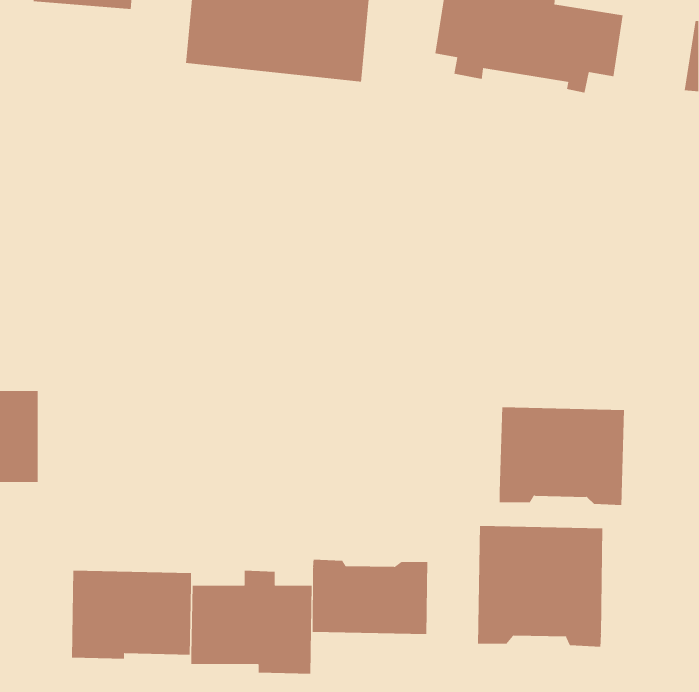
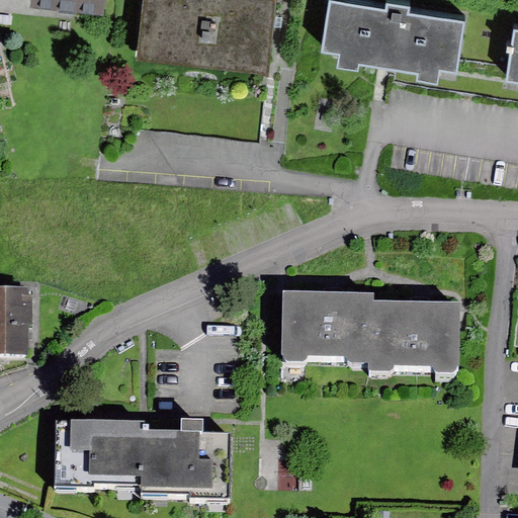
building: none -> [281,291,371,363]
building: [478,525,603,647] -> none
building: [312,559,428,635] -> none

